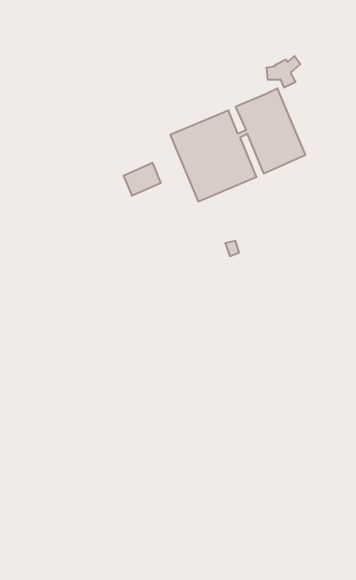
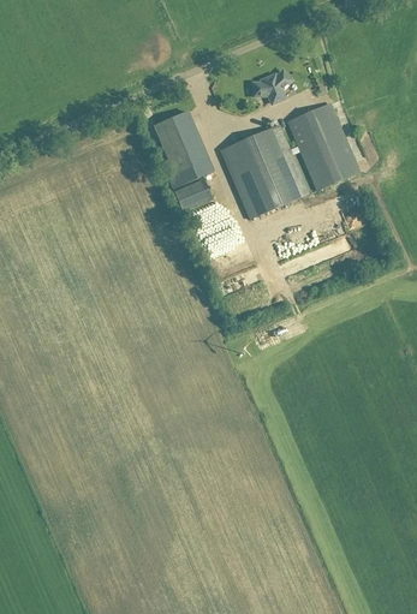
building: [266,56,300,88] -> [254,71,288,103]
building: none -> [153,111,213,189]

